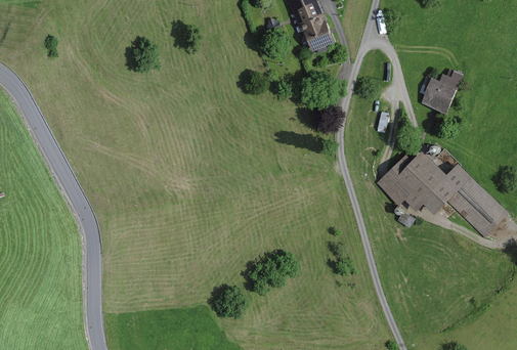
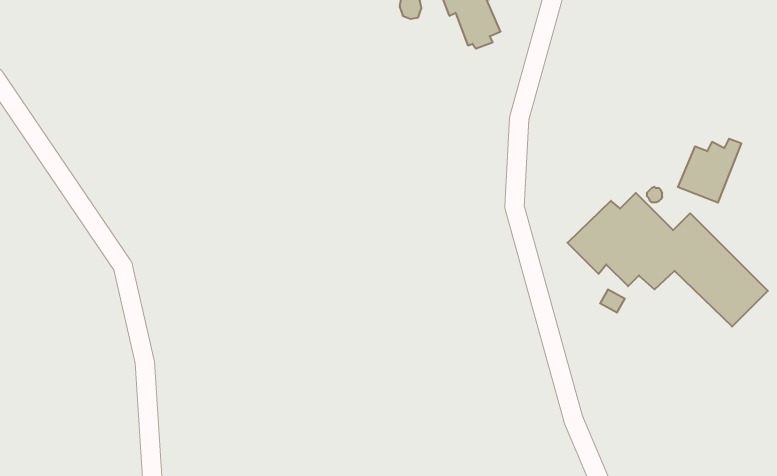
building: [420,72,462,114] -> [678,139,741,203]

